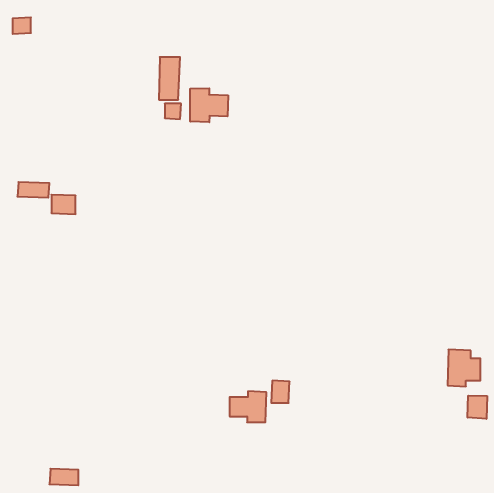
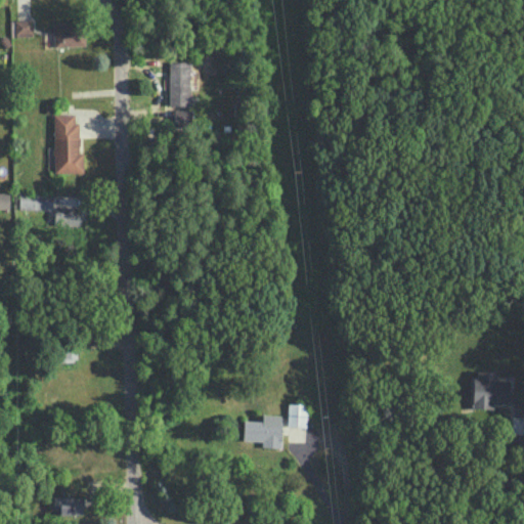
building: none -> [53,24,86,48]
building: [190,88,228,122] -> none
building: none -> [54,116,84,174]
building: [468,396,487,419] -> none

